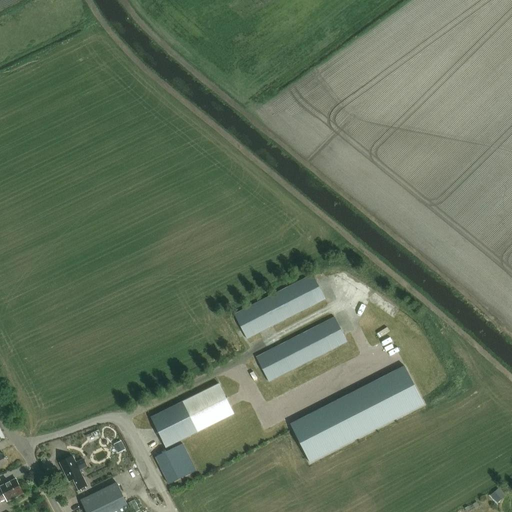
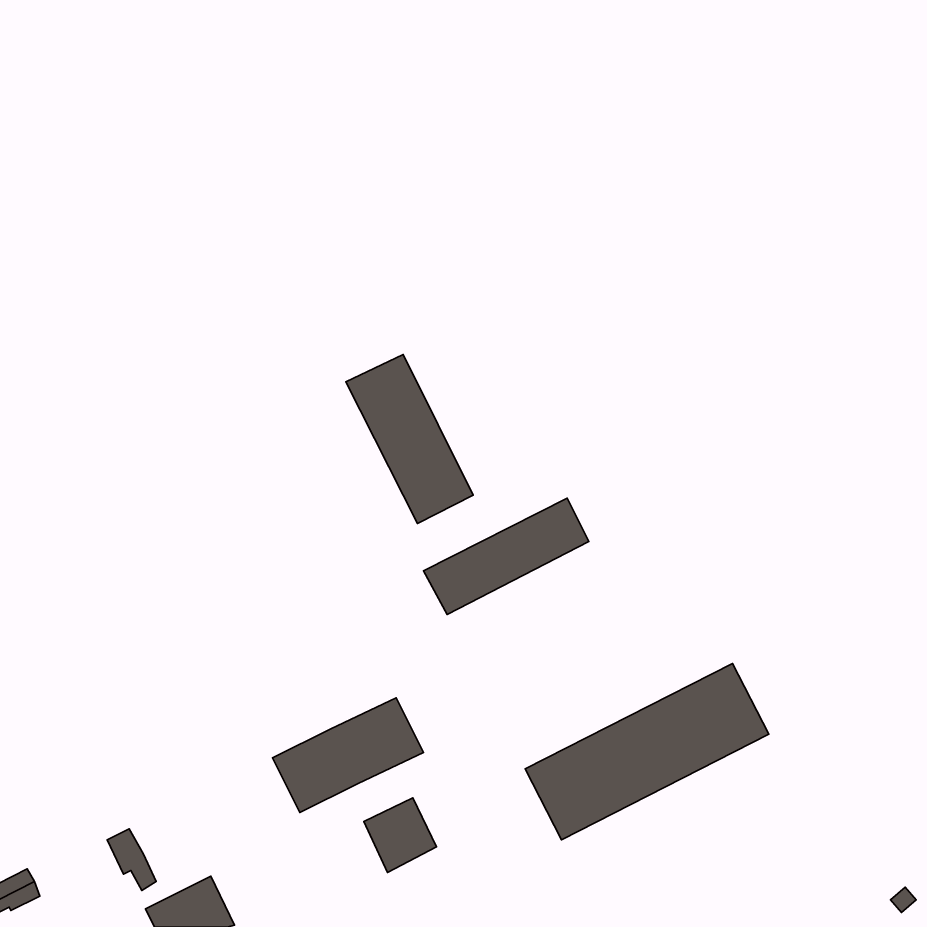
building: none -> [346,354,473,524]
building: [255,317,346,381] -> none
building: [155,443,195,484] -> [364,798,437,872]

